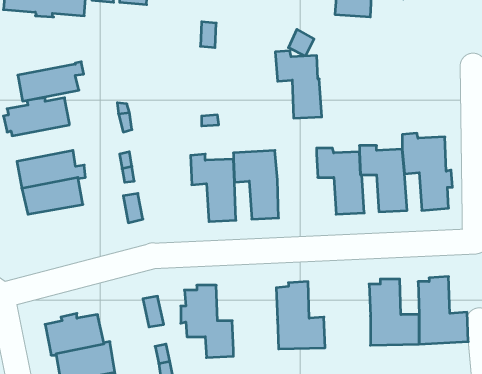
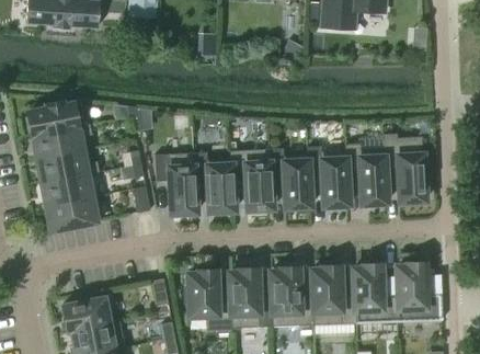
building: [275,51,322,118] -> [268,147,310,207]
building: [18,62,84,101] -> [33,123,92,158]
building: none -> [155,152,196,214]
building: none -> [47,196,101,229]
building: none -> [311,264,354,324]
building: none -> [229,267,272,327]

